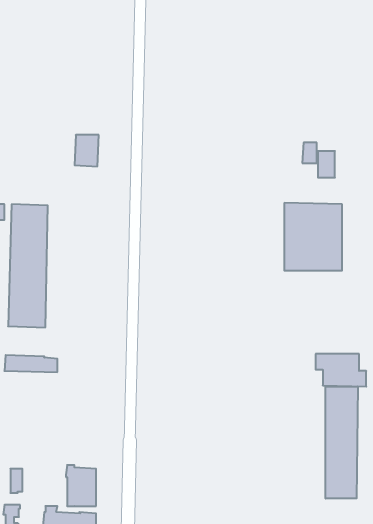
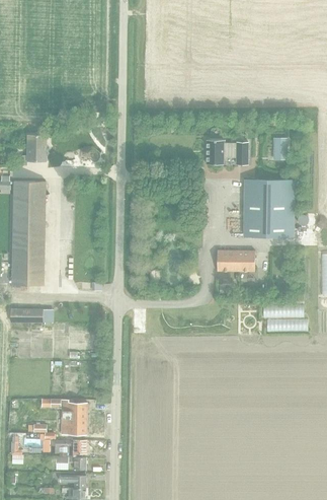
building: [75,135,99,166] -> [25,135,46,161]
building: none -> [205,140,246,164]
building: none -> [215,251,252,272]
building: [326,386,358,499] -> none

